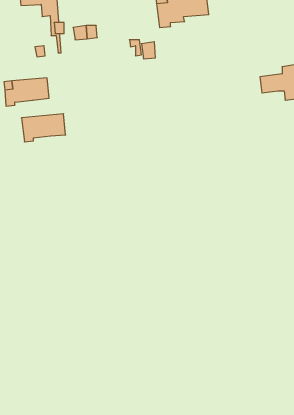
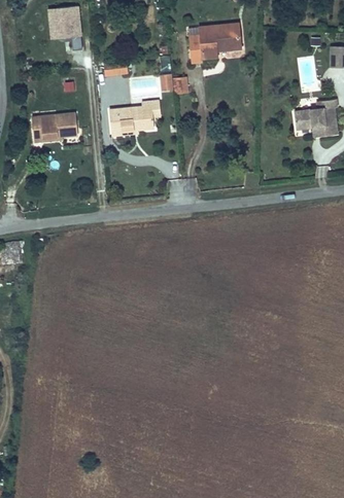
building: [21,114,66,142] -> [109,107,154,136]

